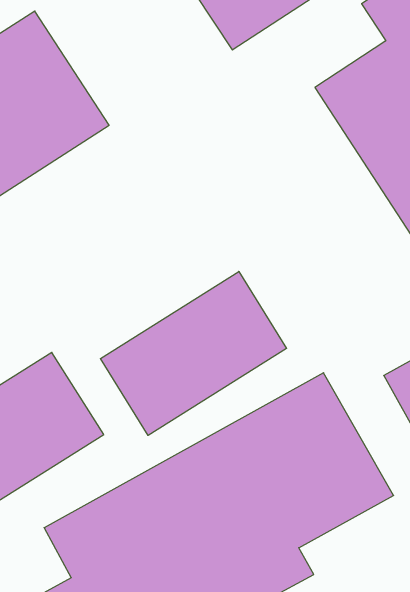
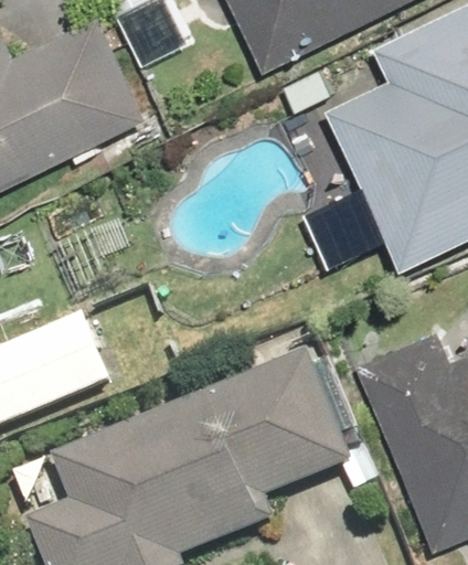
building: [100,271,287,435] -> none

